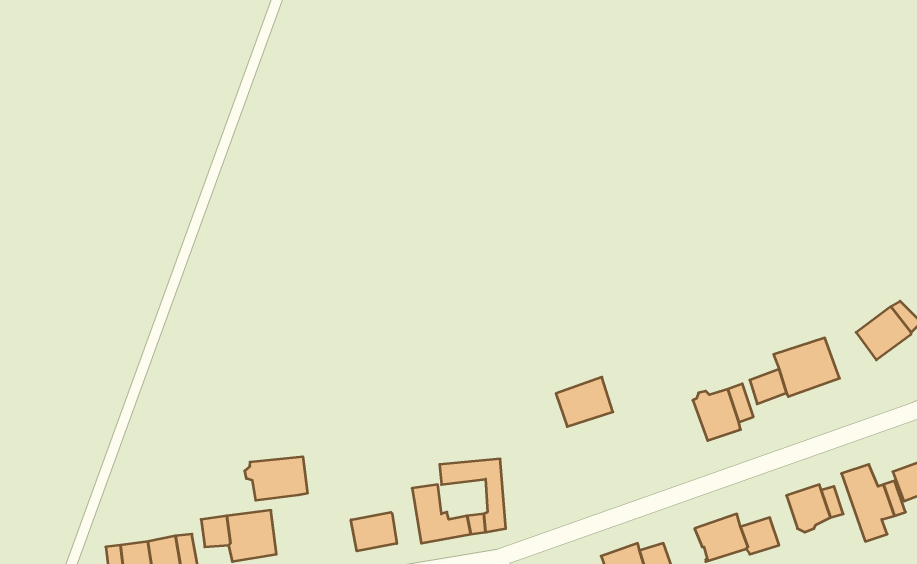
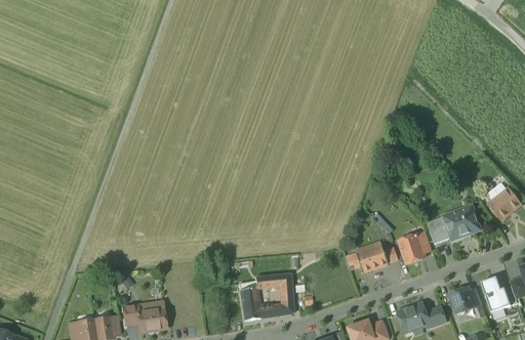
building: [556,377,613,427] -> [357,244,389,271]
building: [245,457,307,500] -> none
building: [351,512,397,551] -> none

